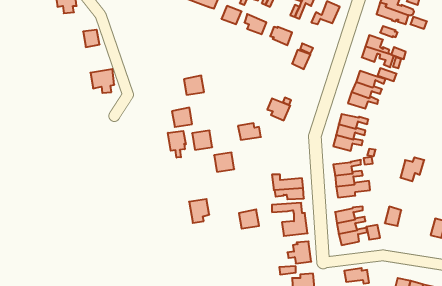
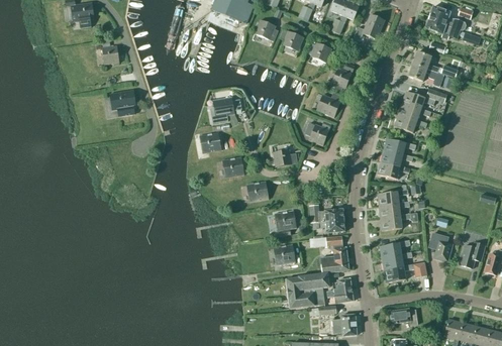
building: none -> [315,92,342,117]
building: [168,131,186,158] -> none
building: [400,157,424,181] -> [459,242,485,268]
building: [189,199,209,223] -> [274,210,296,236]
building: none -> [285,272,329,308]

